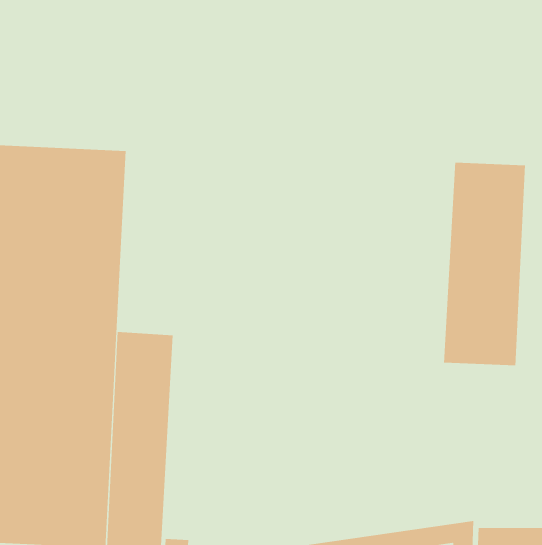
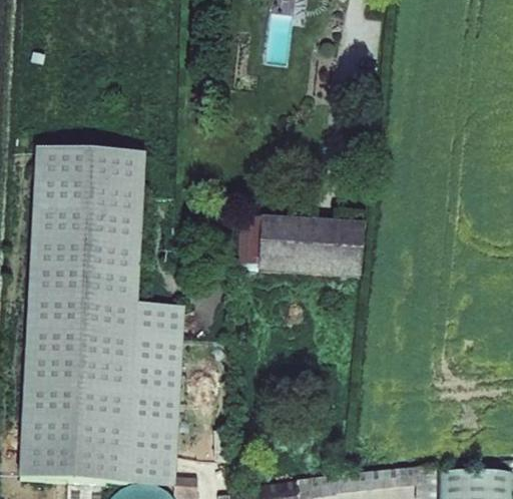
building: [444,162,526,366] -> none
building: none -> [238,216,362,276]

